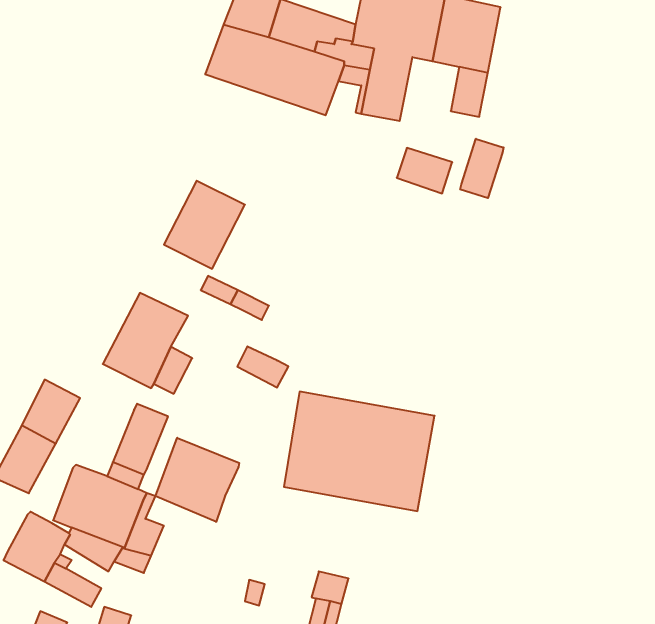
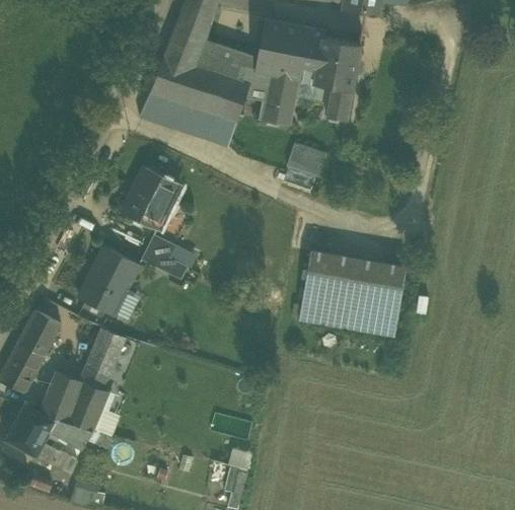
building: none -> [141,92,236,144]
building: [460,139,504,198] -> none
building: [237,346,288,388] -> [140,246,176,276]
building: [284,392,435,511] -> [299,250,407,336]
building: [155,438,239,522] -> none

